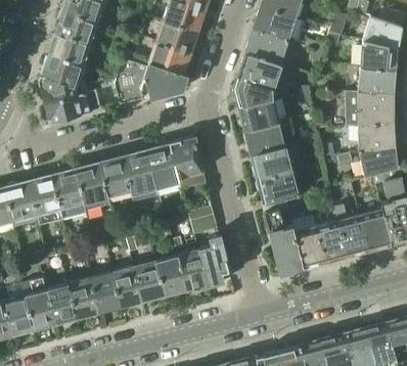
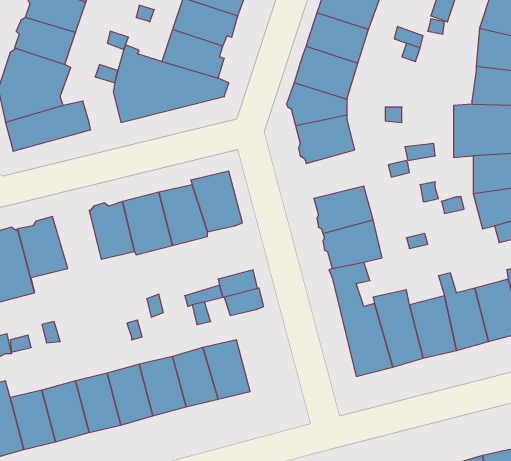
building: [245,121,293,155] -> none
building: [76,164,111,212] -> none
building: [199,236,231,285] -> none

